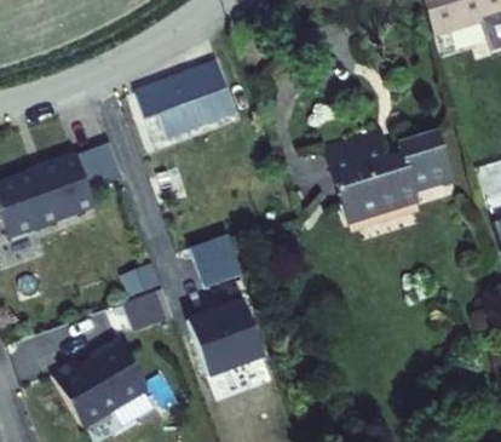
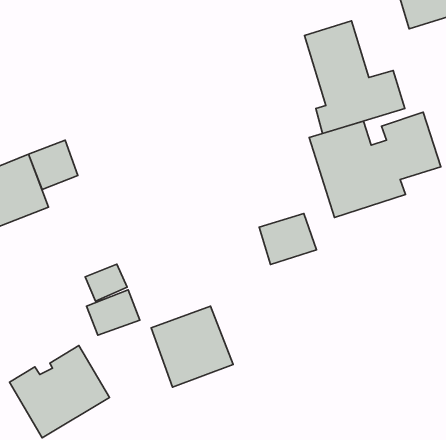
building: none -> [305,21,405,134]
building: [137,67,238,144] -> none
building: none -> [259,213,316,265]
building: [192,234,246,288] -> none

